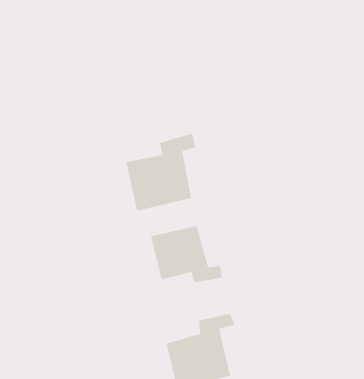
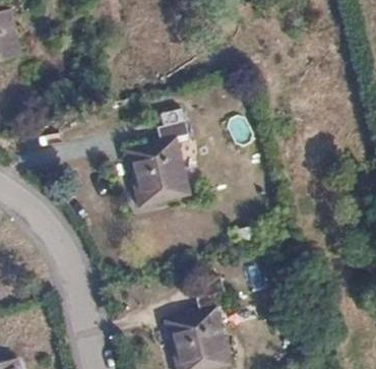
building: [151,225,223,283] -> none

